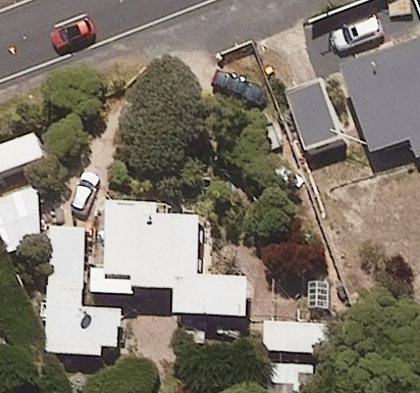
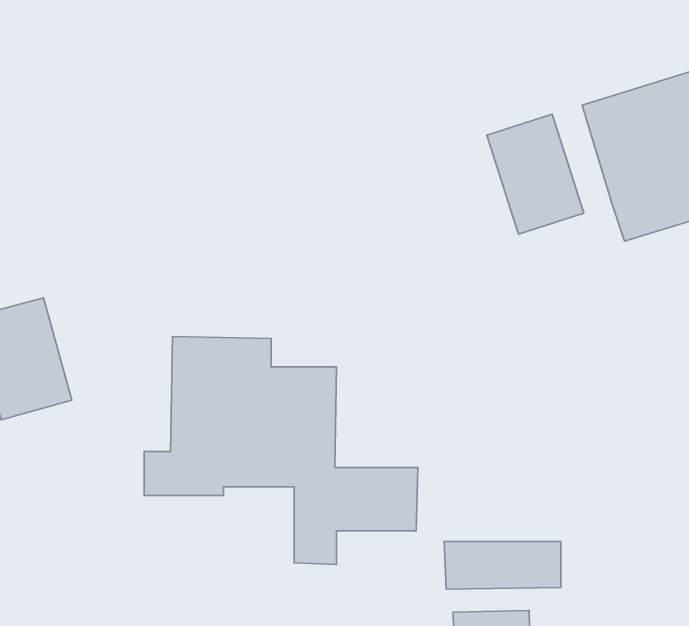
building: [46,223,119,351] -> none

